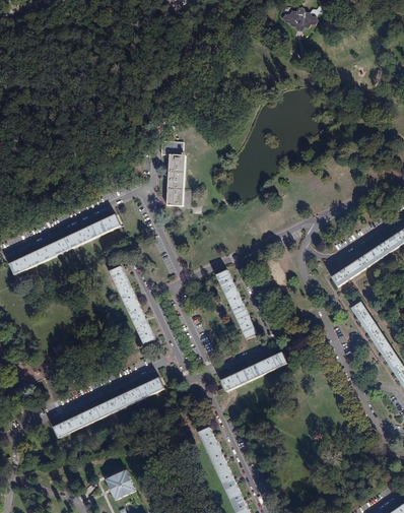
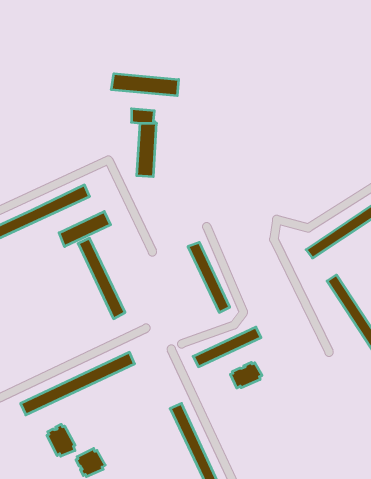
building: none -> [111,74,179,96]
building: none -> [59,211,111,247]
building: none -> [230,362,262,388]
building: none -> [47,424,75,456]

